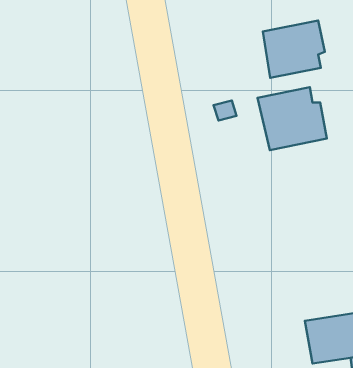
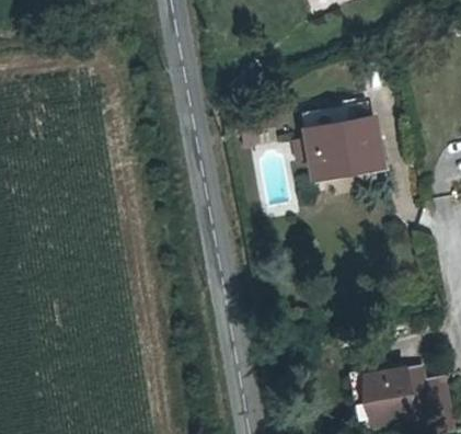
building: [263,21,325,78] -> none

